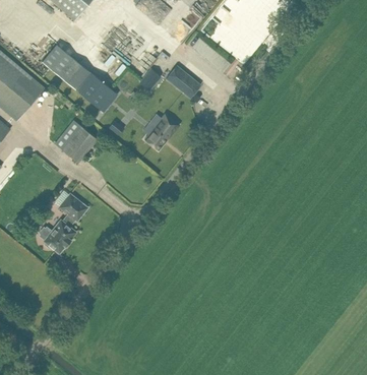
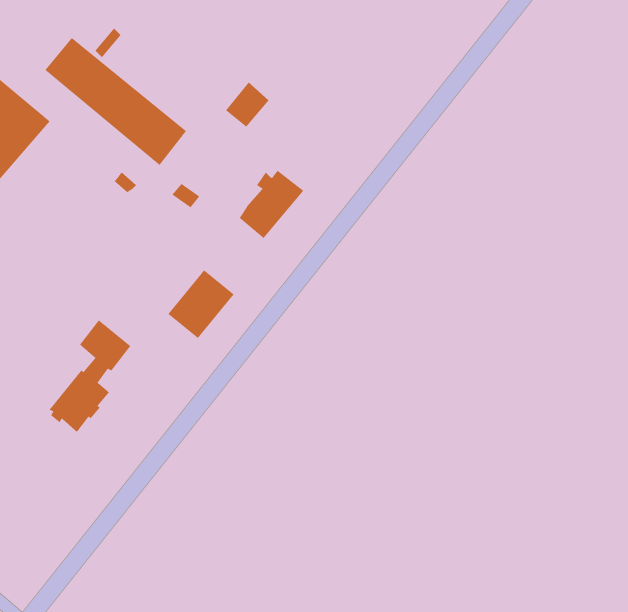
building: [167,65,200,98] -> none
building: [62,126,98,163] -> [167,270,235,339]

